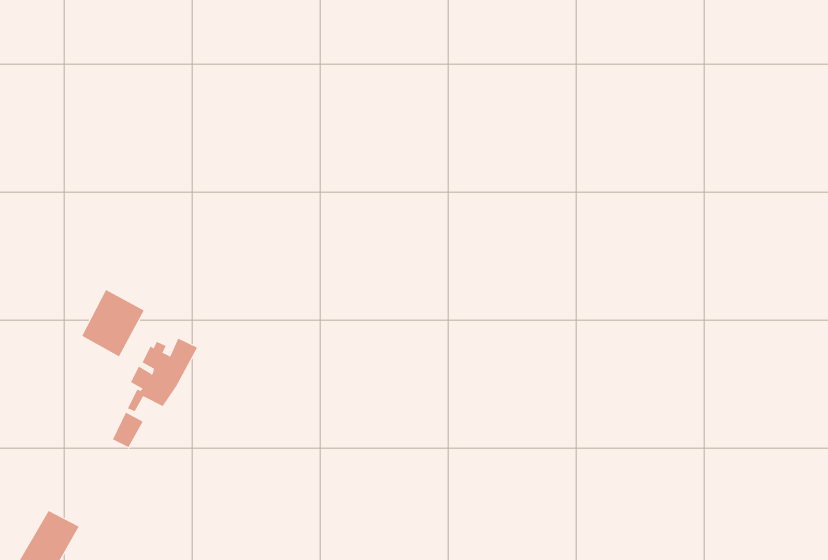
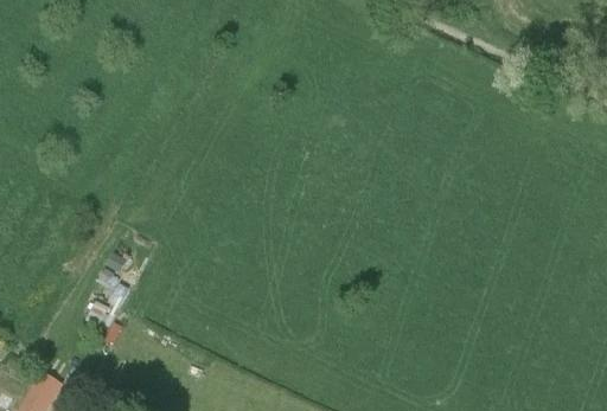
building: [82,289,145,357] -> none

